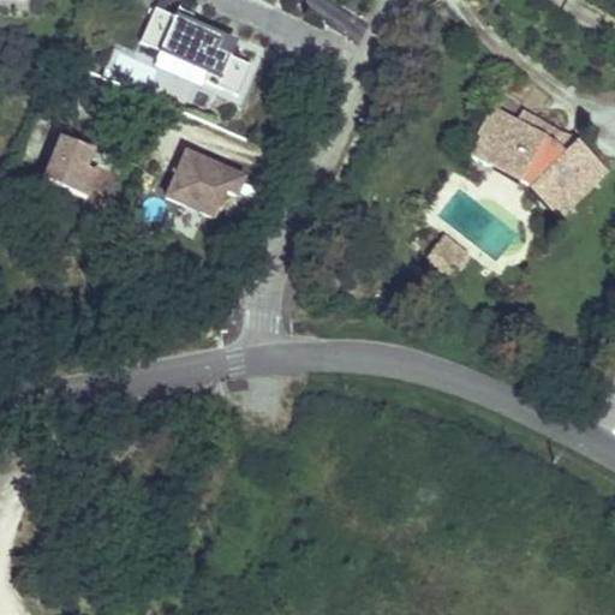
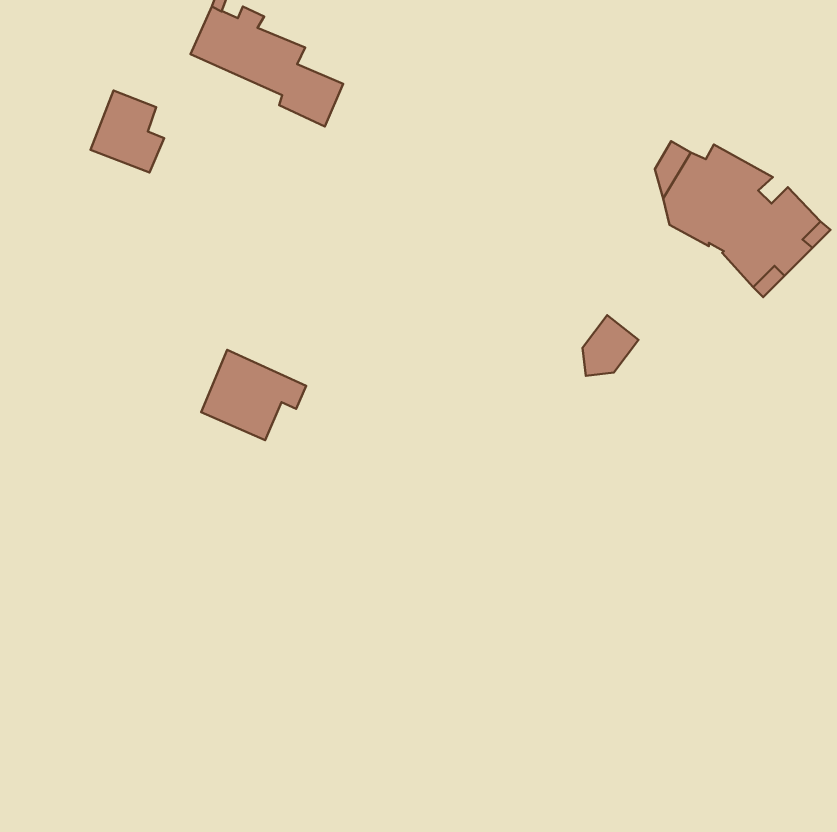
building: [44,135,98,195] -> [90,91,164,173]
building: [167,149,244,215] -> [201,350,306,440]

